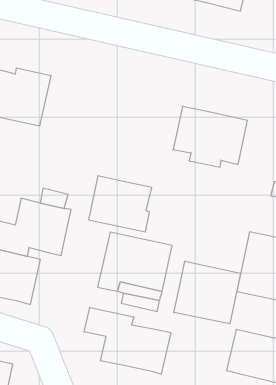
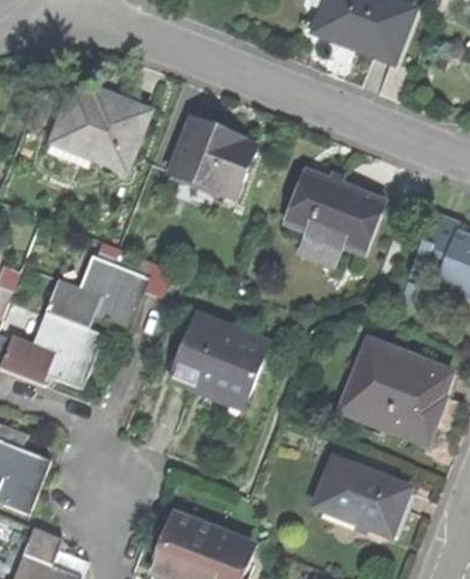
building: [88,176,152,232] -> [169,120,252,197]
building: [174,261,240,324] -> none
building: [84,307,171,374] -> none

